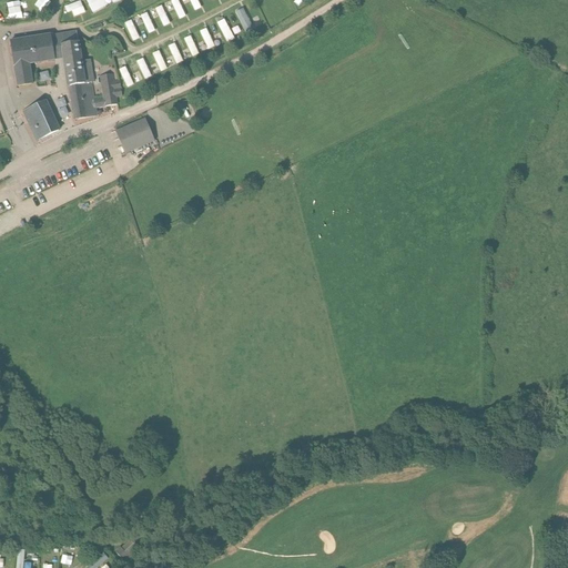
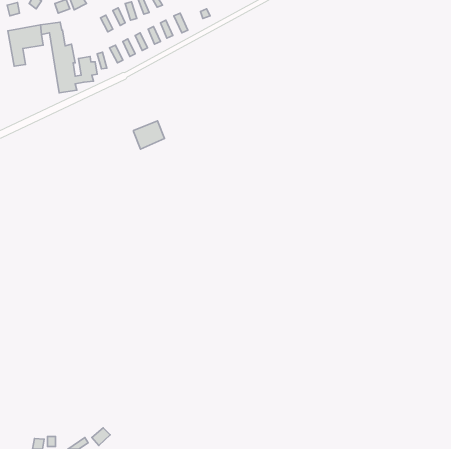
building: [22,98,60,139] -> none
building: [115,115,154,151] -> [134,121,164,149]

